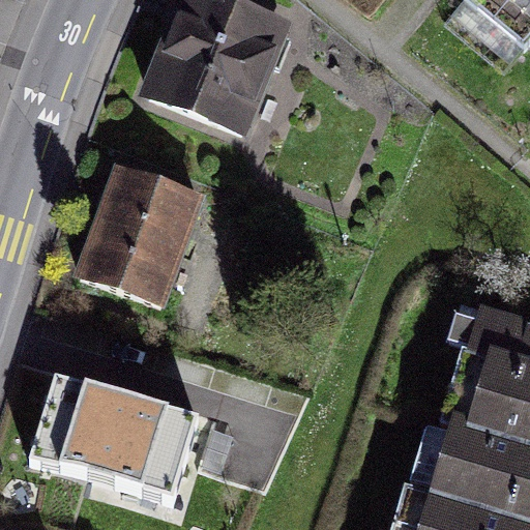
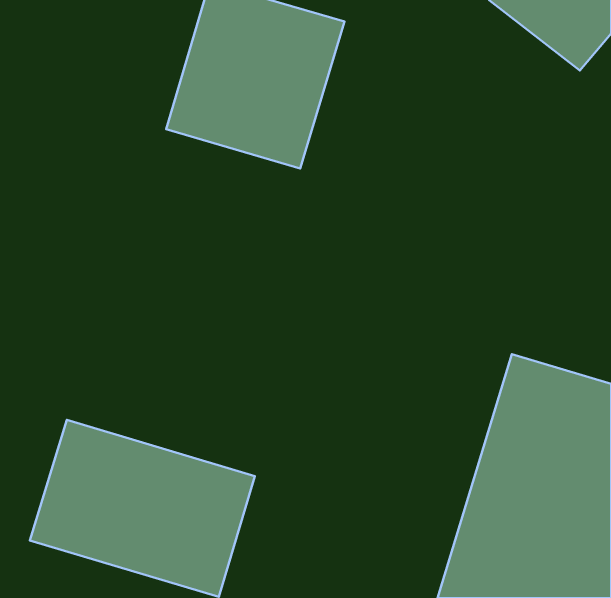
building: [77,155,213,311] -> none

